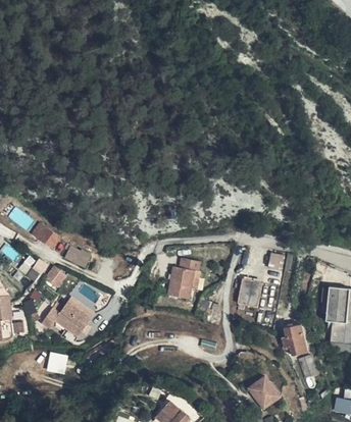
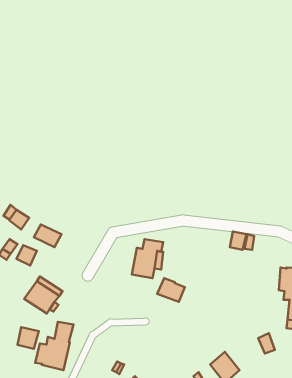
building: [237,278,260,307] -> none
building: [282,325,306,355] -> none
building: none -> [35,322,74,370]

